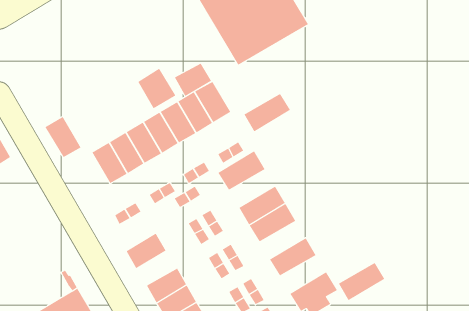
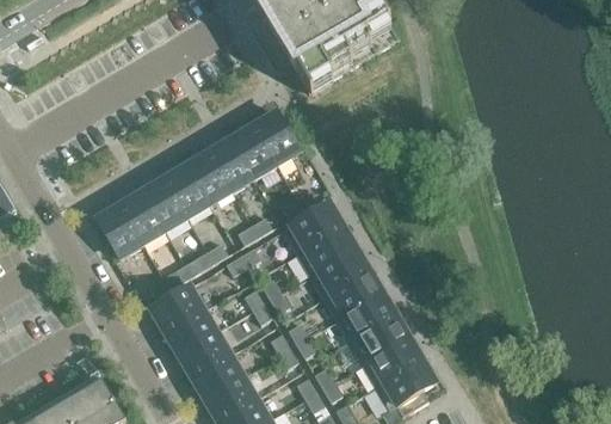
building: [174,63,212,97] -> none
building: [137,68,176,109] -> none
building: [244,93,291,132] -> [297,225,358,275]
building: [45,116,82,158] -> [97,203,144,257]
building: none -> [150,284,204,331]
building: none -> [337,291,397,342]
building: none -> [178,330,232,375]
building: [338,262,385,301] -> [363,336,424,386]

